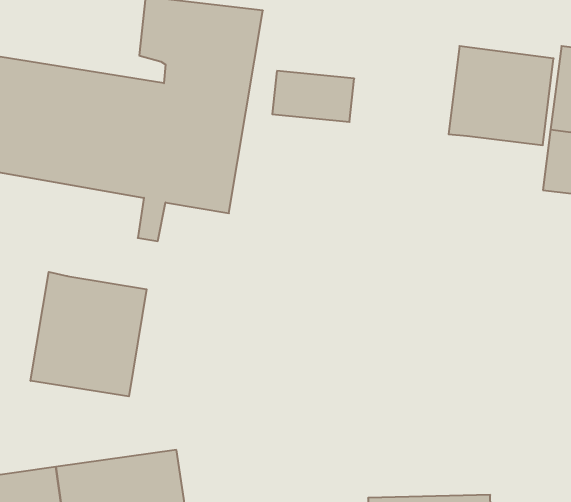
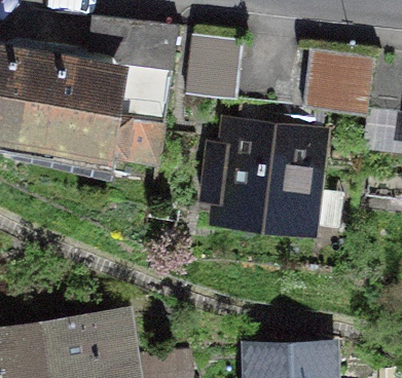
building: none -> [204,101,316,212]
building: [31,272,147,396] -> none

